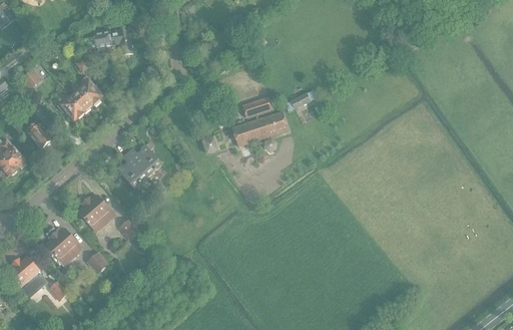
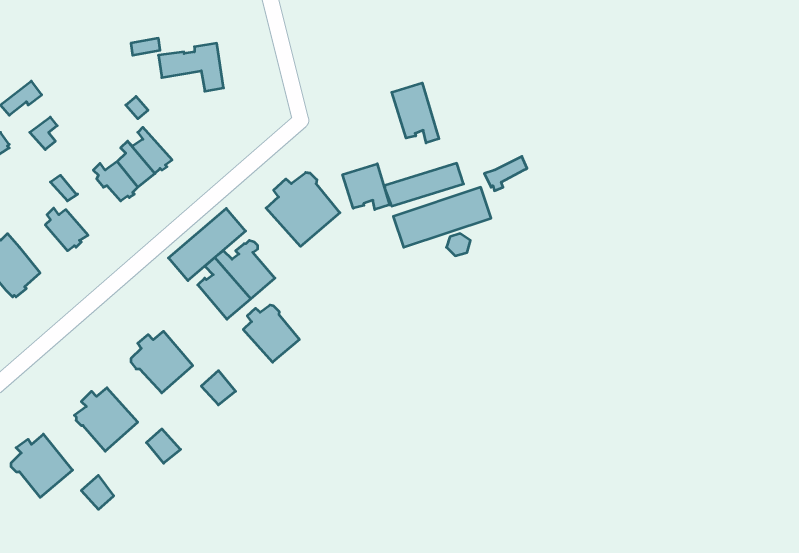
building: none -> [392,83,439,143]
building: none -> [343,164,389,210]
building: none -> [266,172,340,246]
building: none -> [168,208,246,281]
building: none -> [243,305,299,362]

